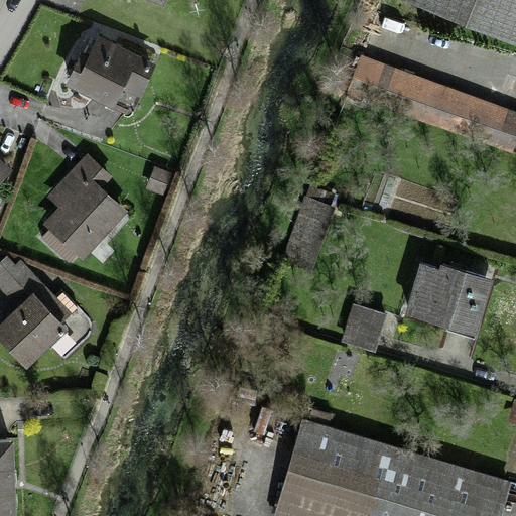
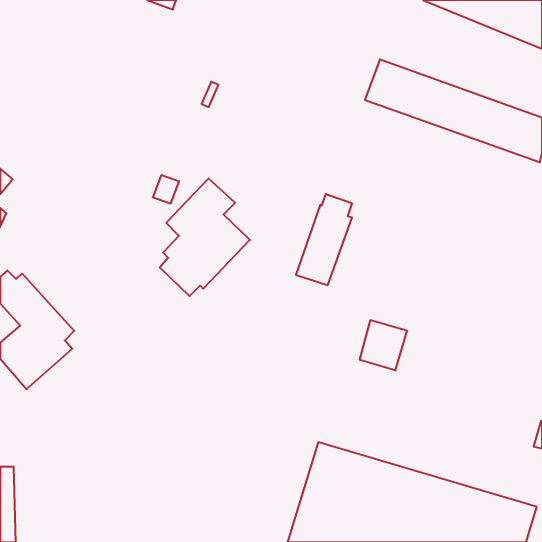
building: [66,38,155,110] -> none
building: [40,154,126,266] -> [160,178,250,296]
building: [404,265,493,338] -> none

